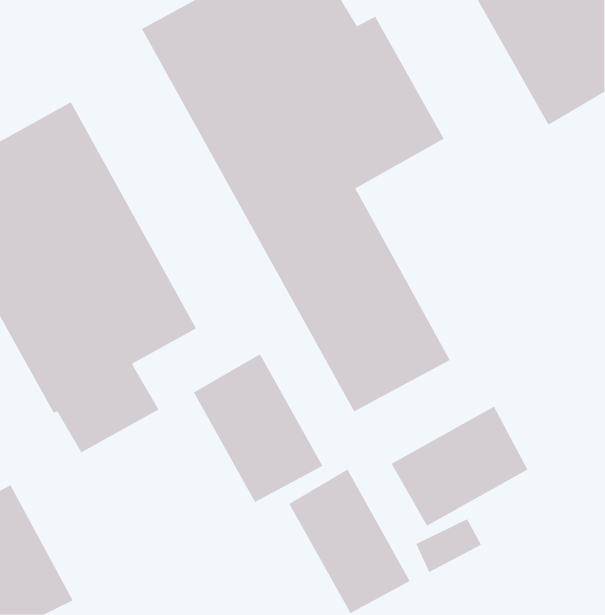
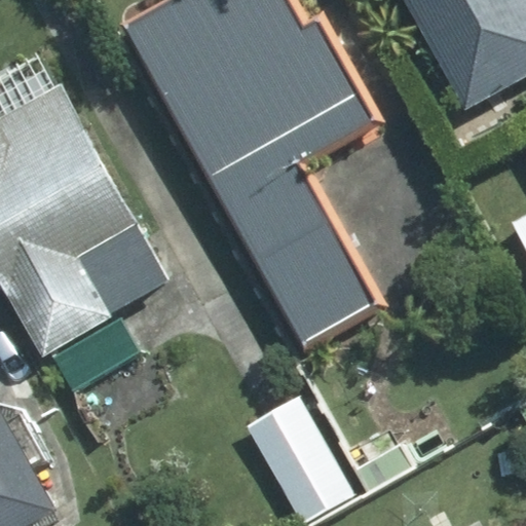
building: [193,353,323,503] -> none
building: [391,406,528,526] -> none

